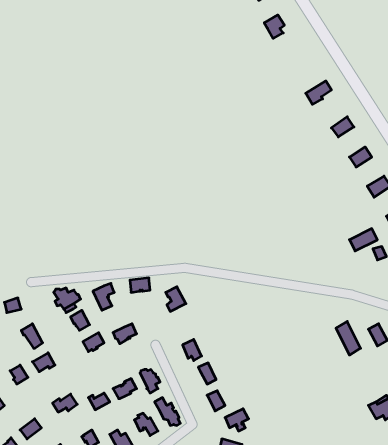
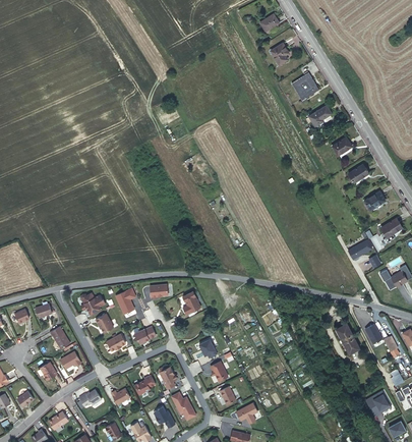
building: none -> [292,72,319,101]

